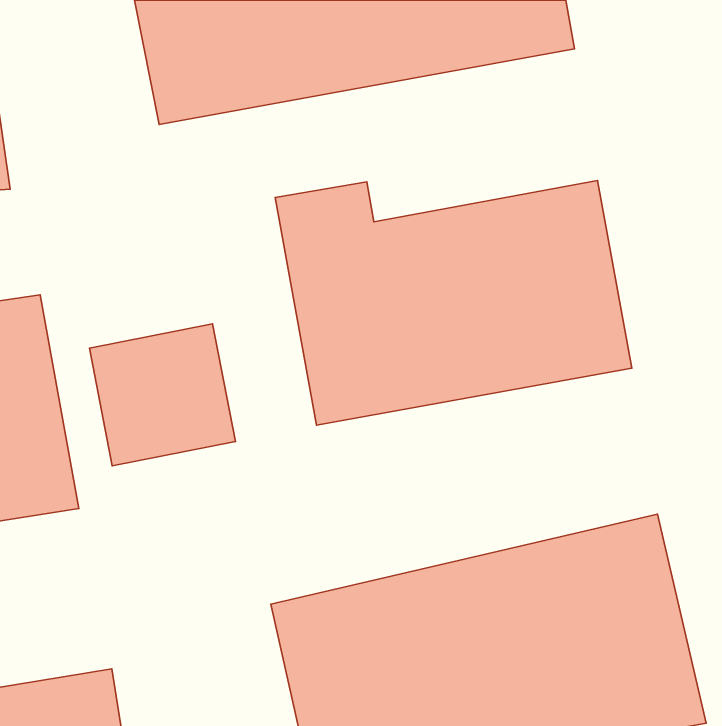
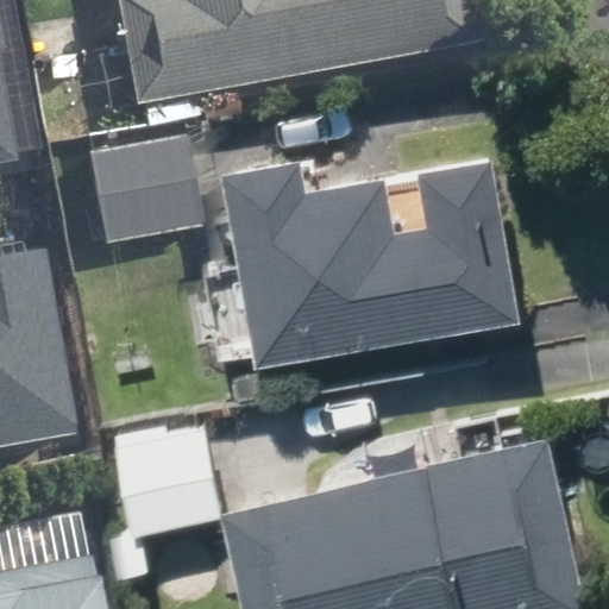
building: [89,324,235,466] -> [79,139,200,257]
building: none -> [114,421,216,526]

